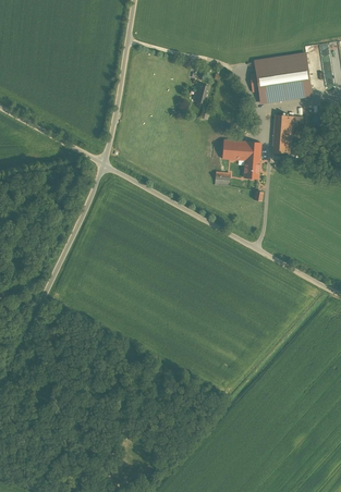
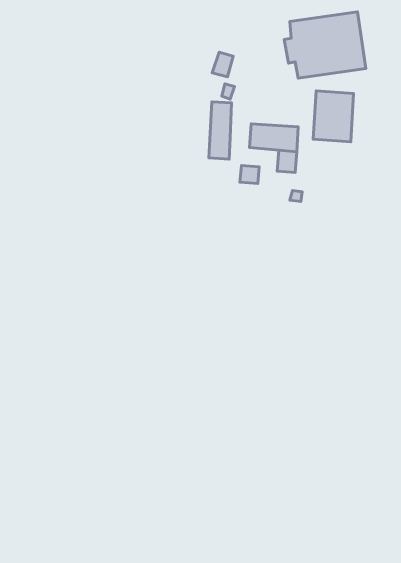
building: none -> [209,102,231,159]

